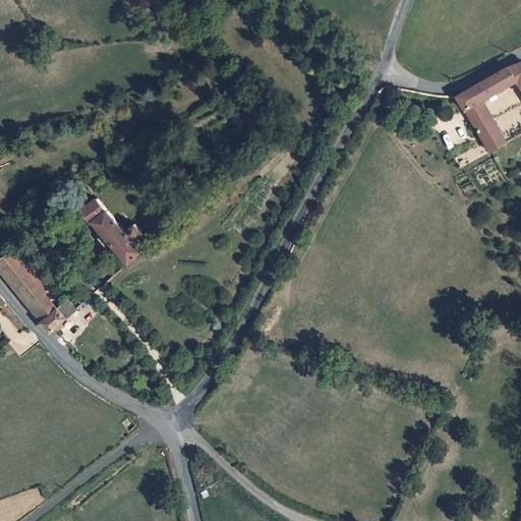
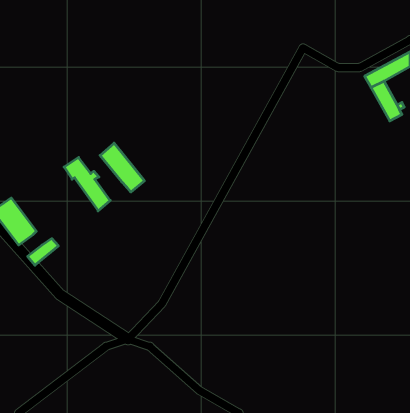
building: none -> [100,143,144,192]
building: [23,294,53,322] -> none

